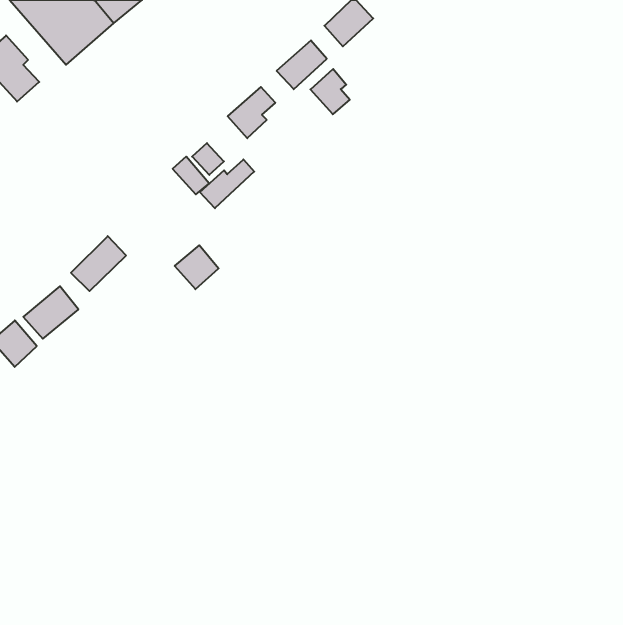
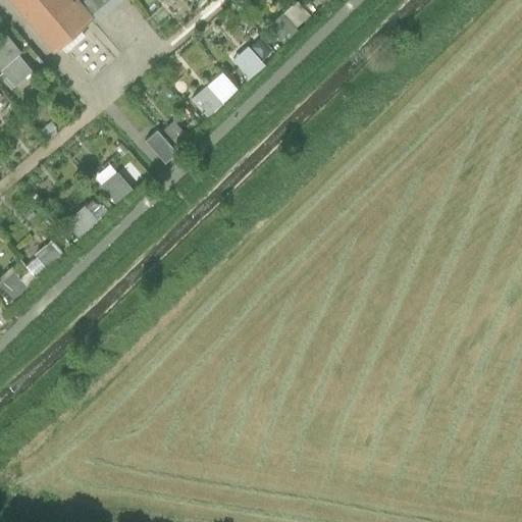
building: [310,69,350,114] -> none
building: [200,159,254,208] -> none
building: [175,245,219,289] -> [96,171,133,208]

